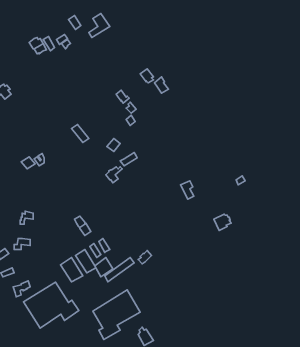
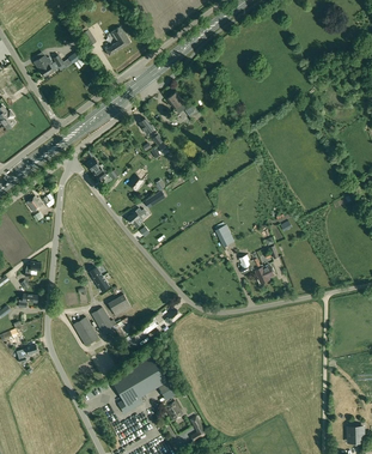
building: [23,282,79,328] -> none

